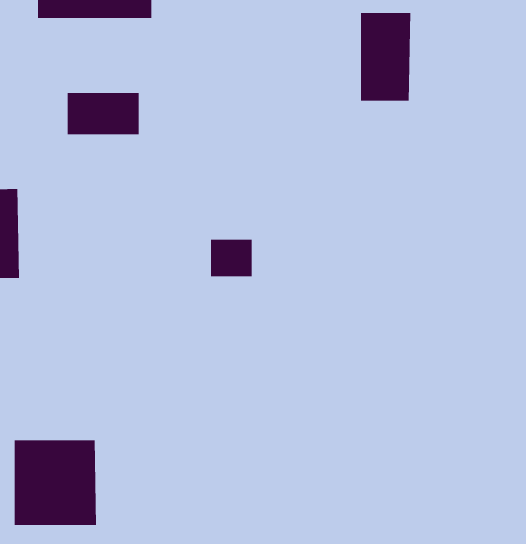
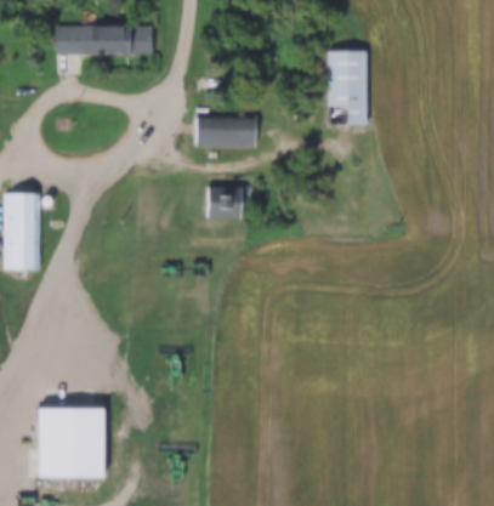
building: [67,93,139,135] -> [194,113,255,148]
building: [210,239,252,277] -> [208,186,243,217]

